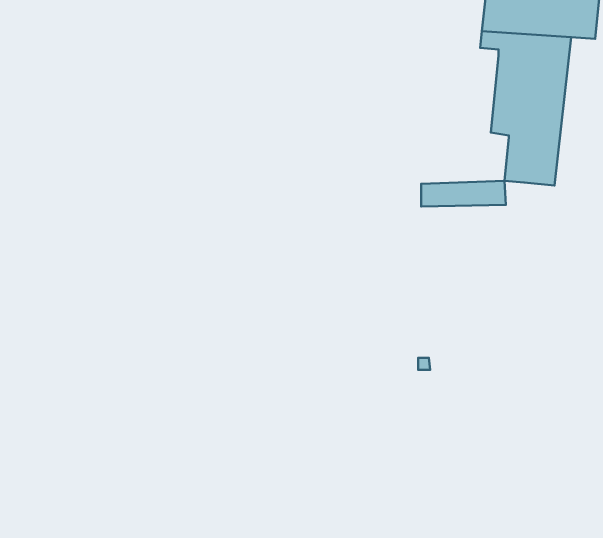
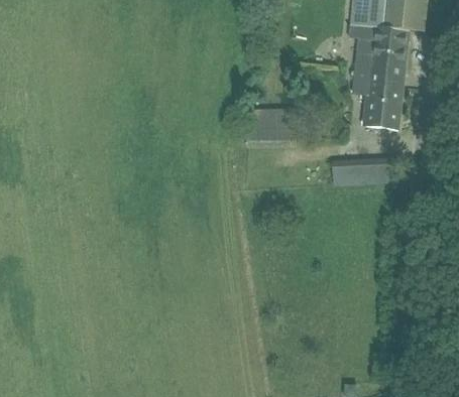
building: [421,181,506,206] -> [330,170,386,187]

